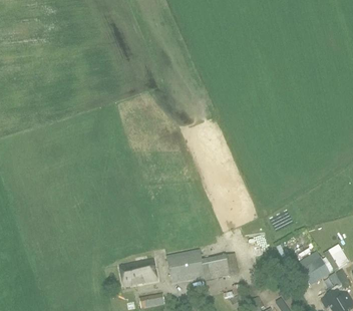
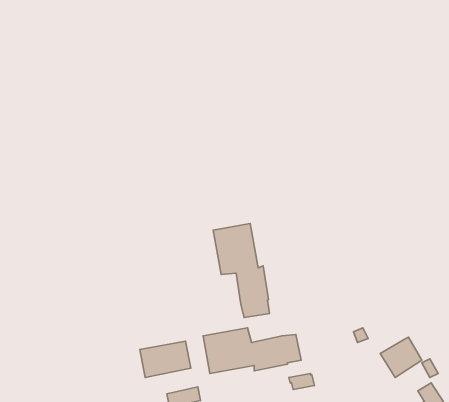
building: none -> [213,223,270,317]

